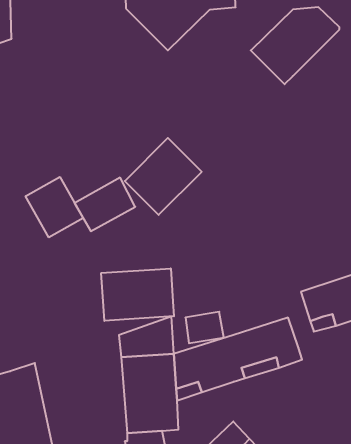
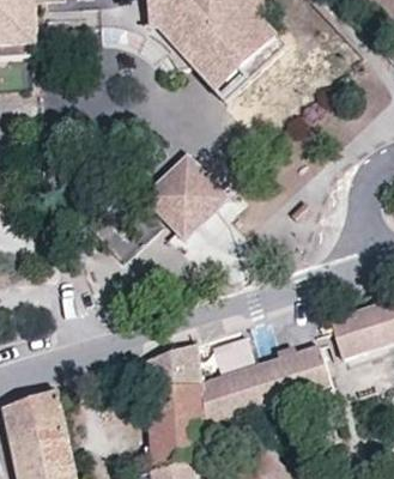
building: [251,7,339,84] -> [193,23,284,102]
building: [26,177,83,237] -> none
building: [101,268,174,321] -> none

